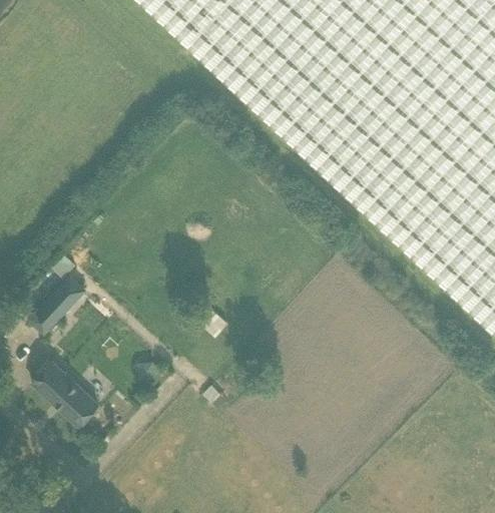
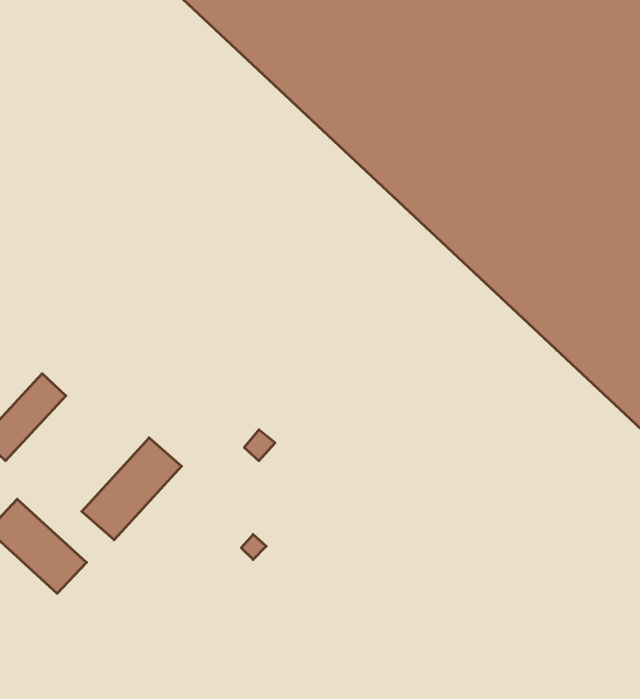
building: none -> [82,438,182,540]

